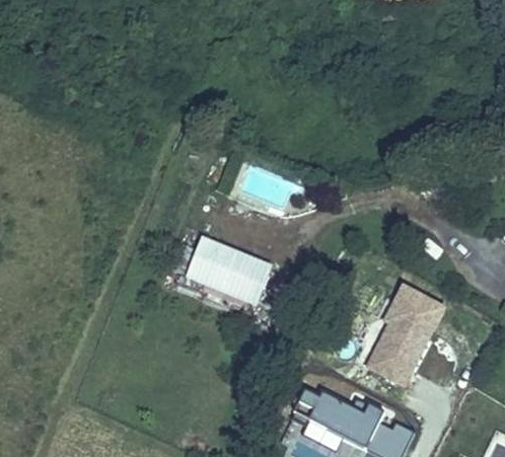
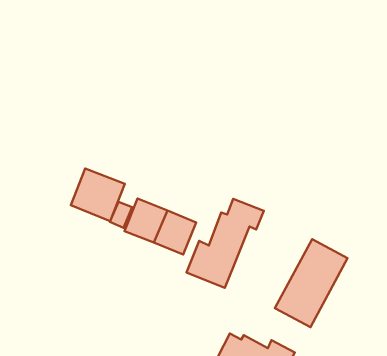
building: none -> [71,169,125,221]
building: none -> [187,199,264,288]

